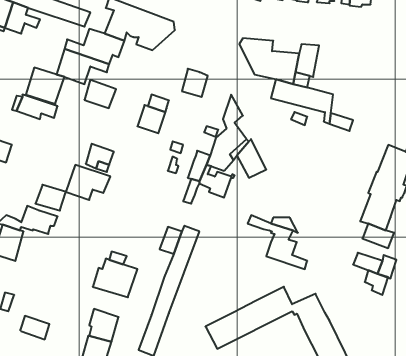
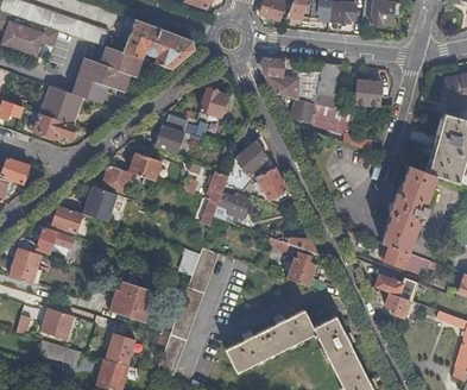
building: none -> [355,80,381,106]
building: [84,80,116,108] -> [130,151,162,180]
building: none -> [40,308,75,339]

